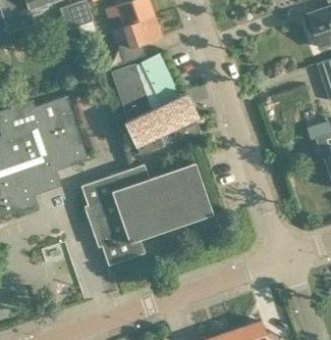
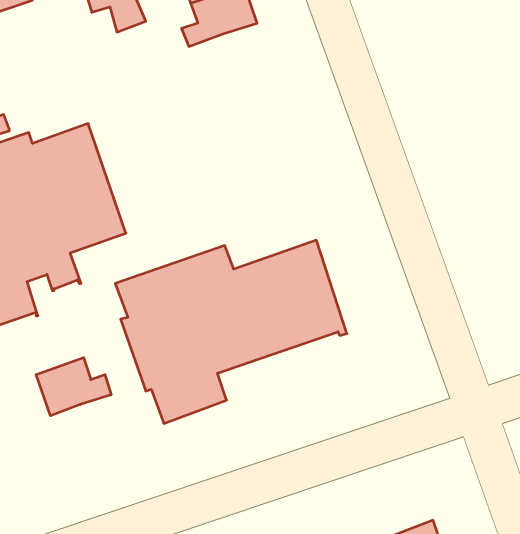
building: [110,53,200,154] -> none
building: none -> [36,358,111,416]

